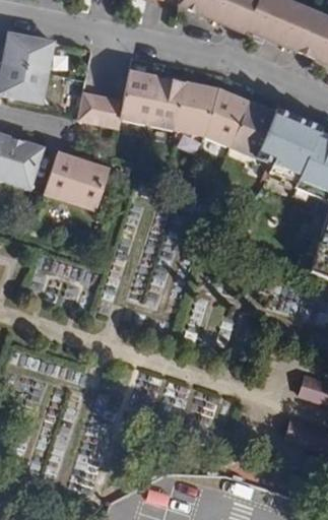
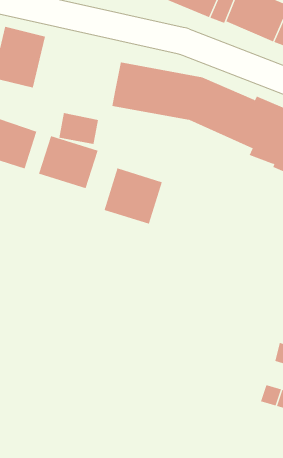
building: [81,94,125,129] -> [58,112,99,144]
building: none -> [104,168,163,225]

